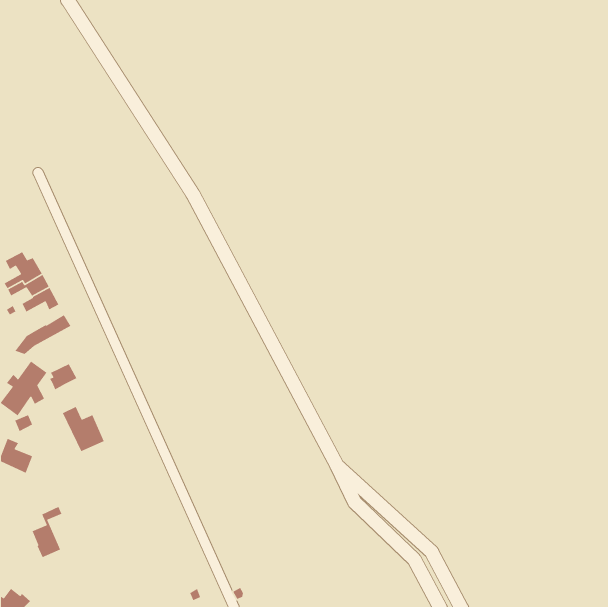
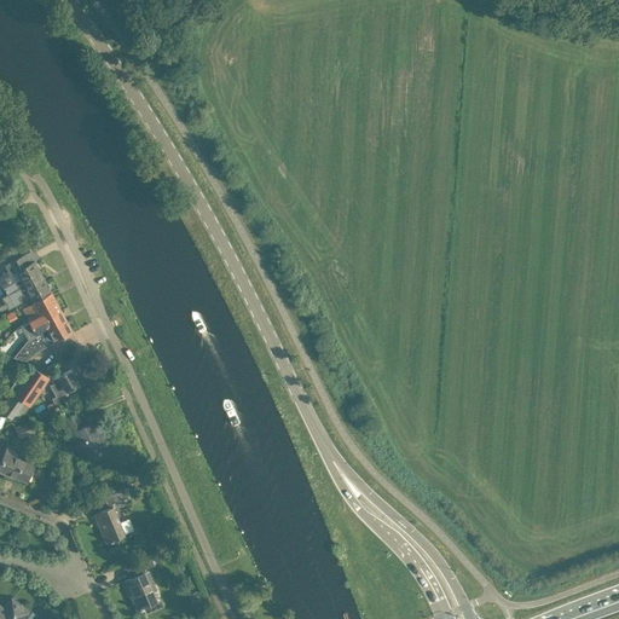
building: none -> [27,308,65,336]
building: [32,506,62,558] -> [94,490,126,543]
building: none -> [122,557,157,611]

